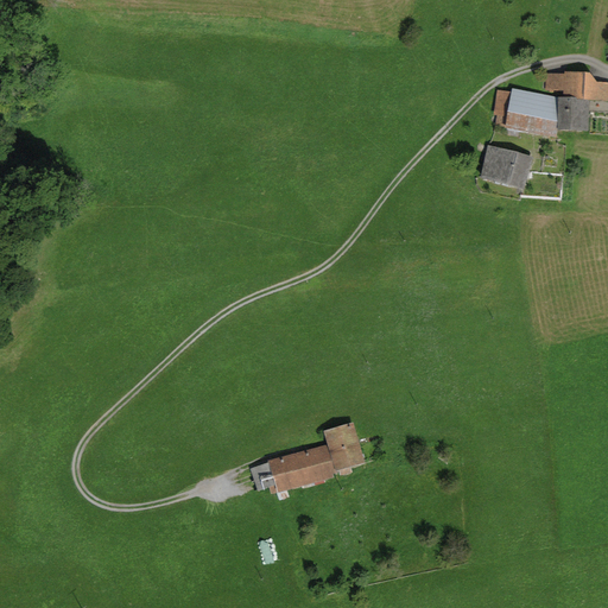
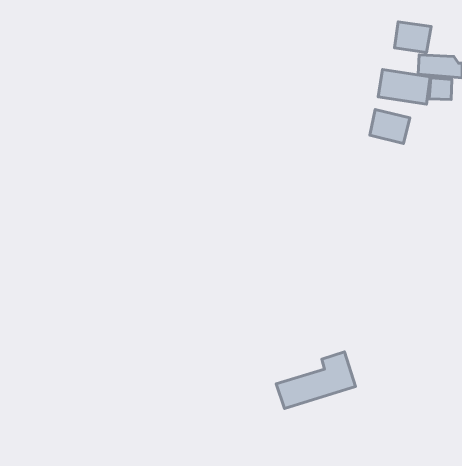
building: none -> [395,22,431,53]
building: [262,420,366,494] -> [276,352,356,408]

